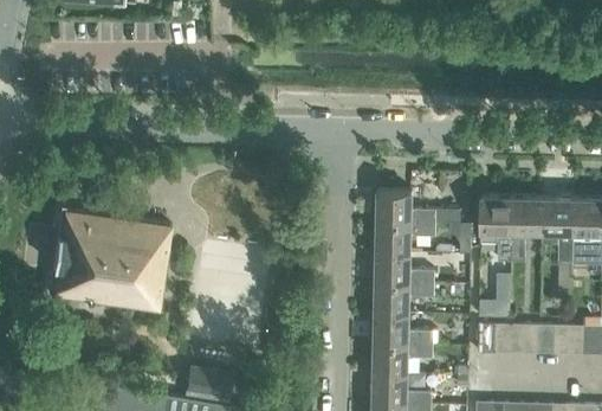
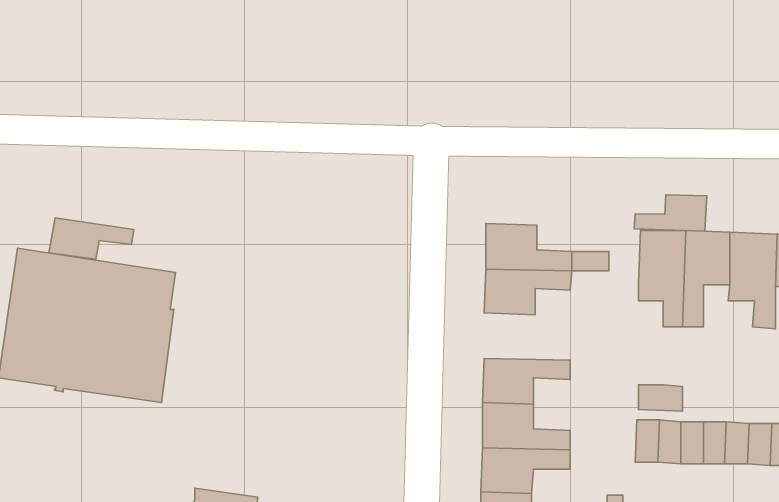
building: none -> [634,195,707,231]
building: none -> [49,218,134,259]
building: [375,252,433,284] -> none

